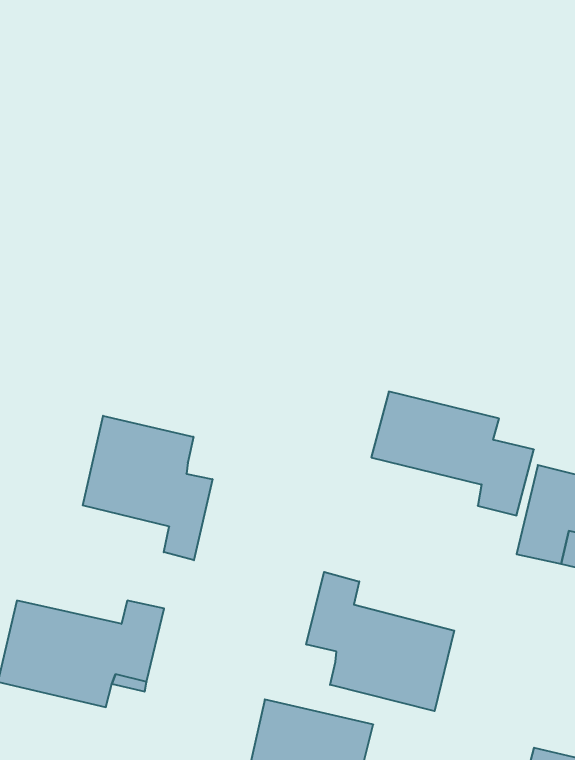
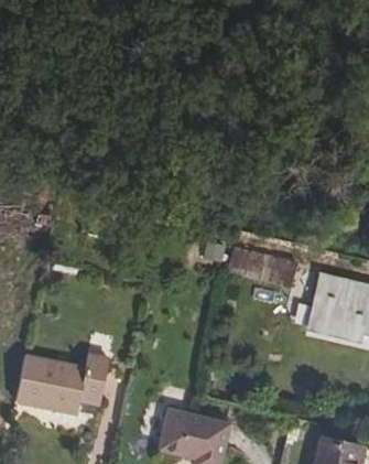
building: [83,416,212,560] -> none
building: [306,572,454,711] -> none

